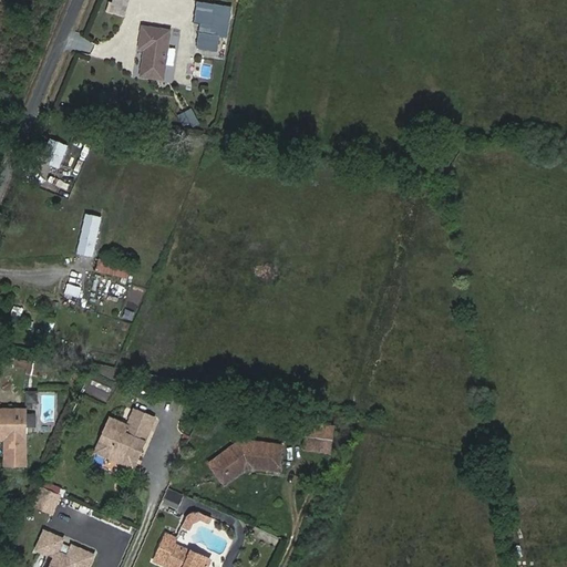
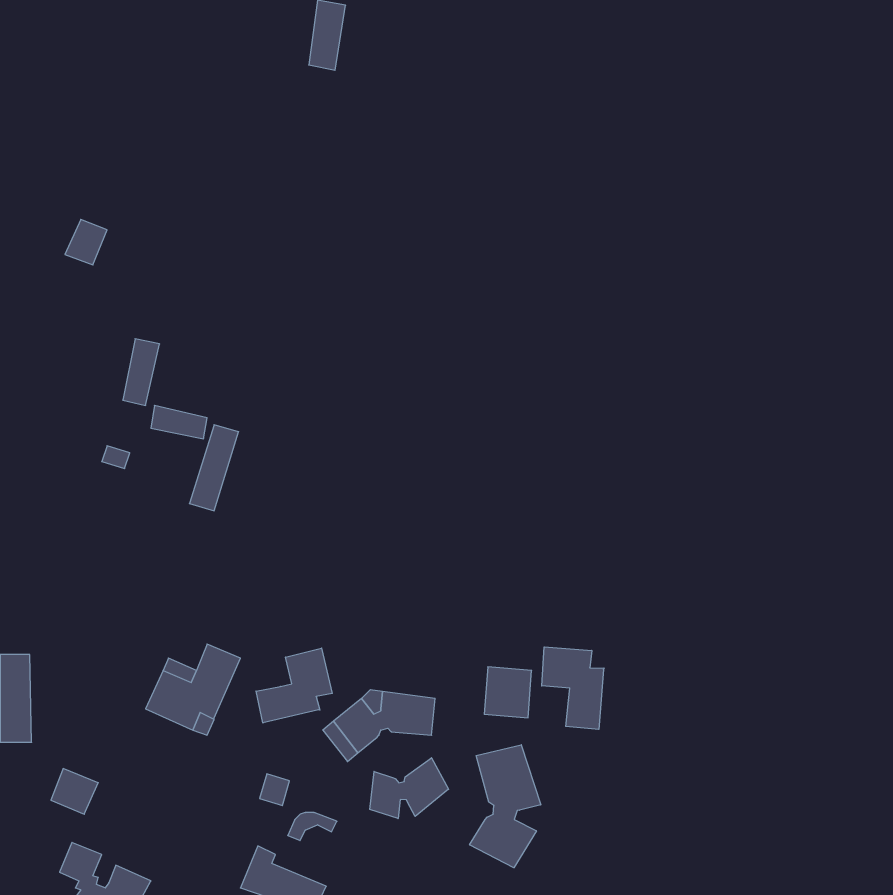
building: [138,25,168,75] -> none
building: none -> [542,647,604,729]
building: none -> [256,648,332,723]
building: none -> [470,745,541,868]
building: none -> [370,758,449,819]

